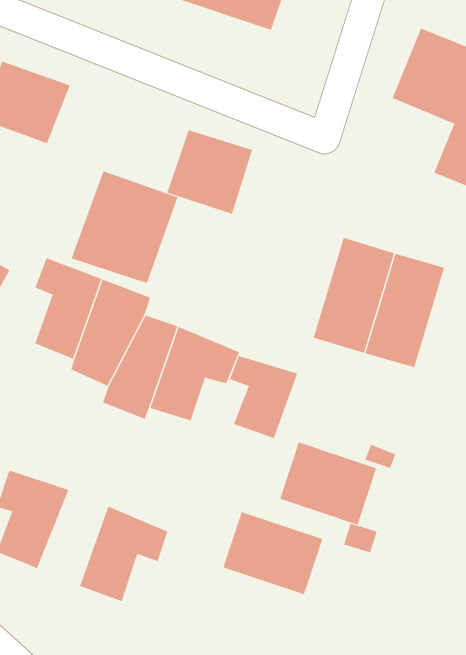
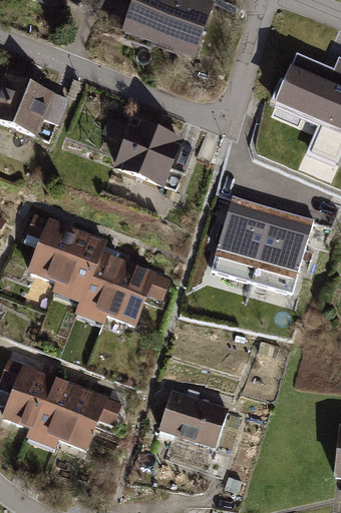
building: [71,170,178,284] -> none
building: [229,355,298,439] -> none
building: [279,442,377,525] -> none
building: none -> [24,374,76,449]

